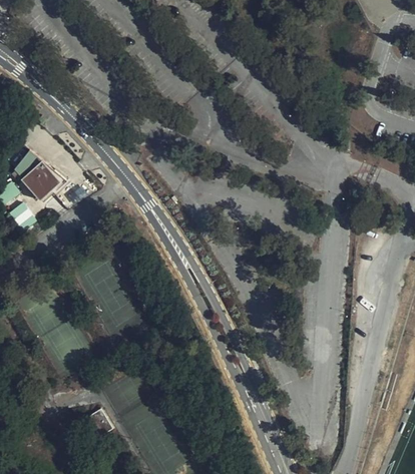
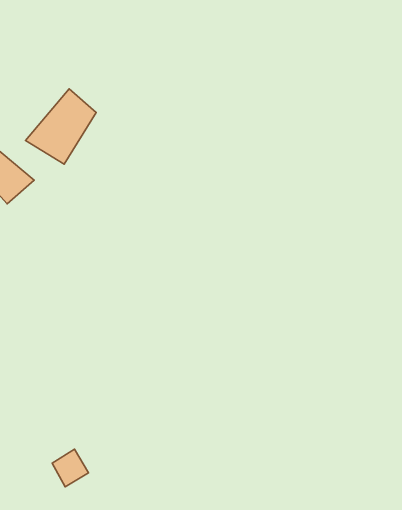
building: none -> [26,89,96,164]

